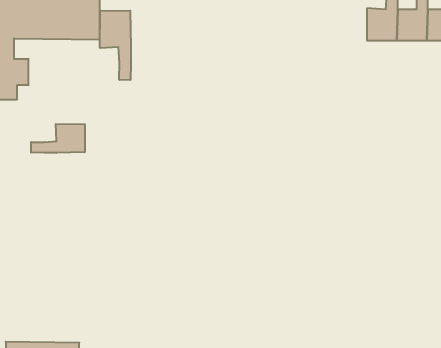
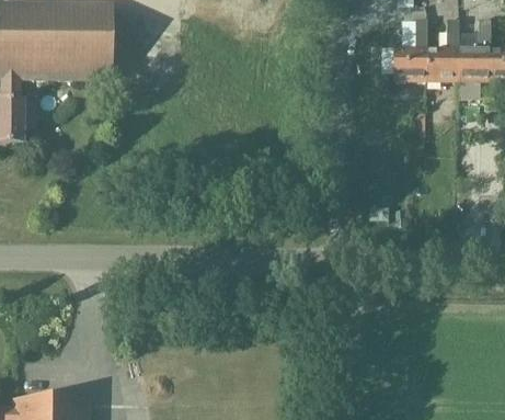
building: [100,10,131,80] -> none
building: [31,124,85,153] -> none

